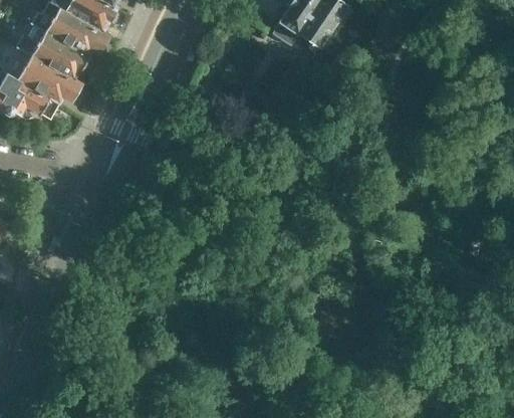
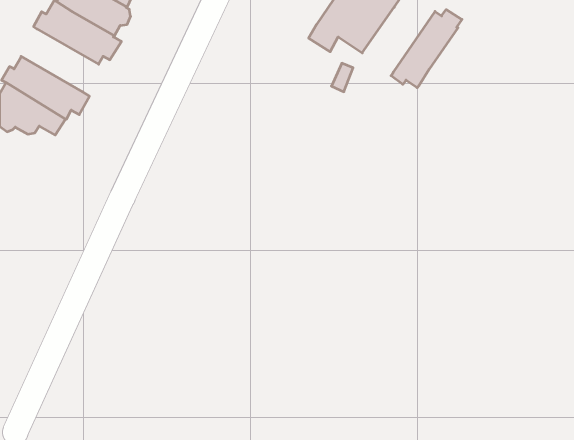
building: none -> [391,10,462,88]
building: [17,26,92,81] -> none

